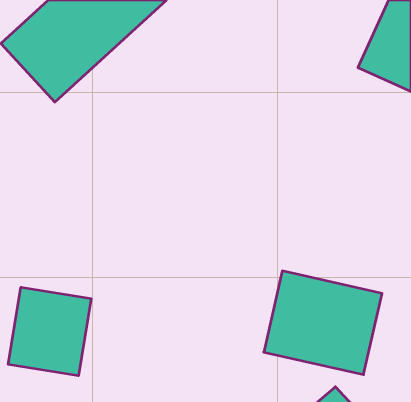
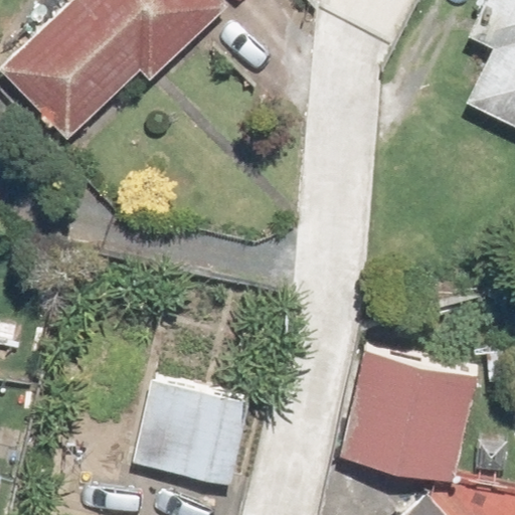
building: [8,287,91,376] -> none
building: none -> [146,380,252,487]

